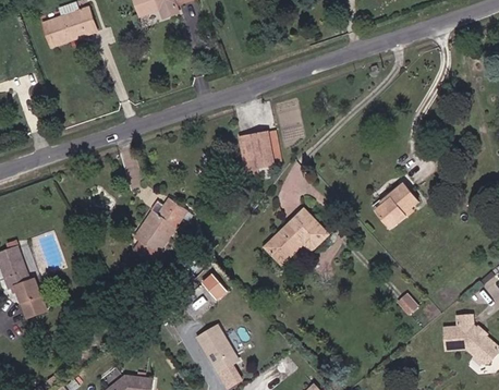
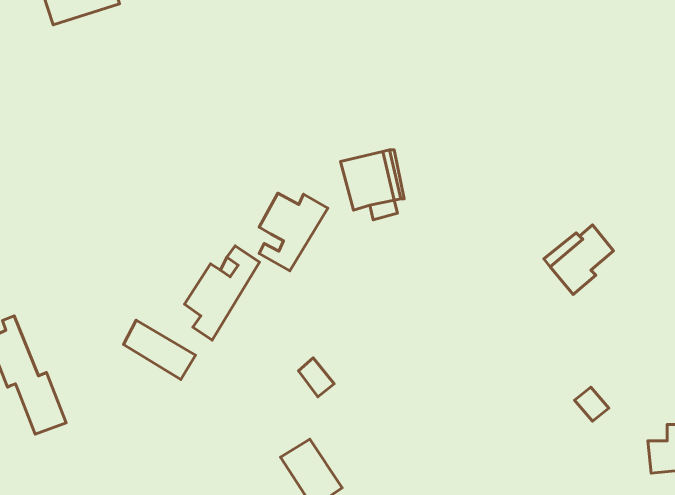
building: none -> [259,193,328,271]
building: [268,206,330,256] -> none
building: none -> [123,320,196,379]

